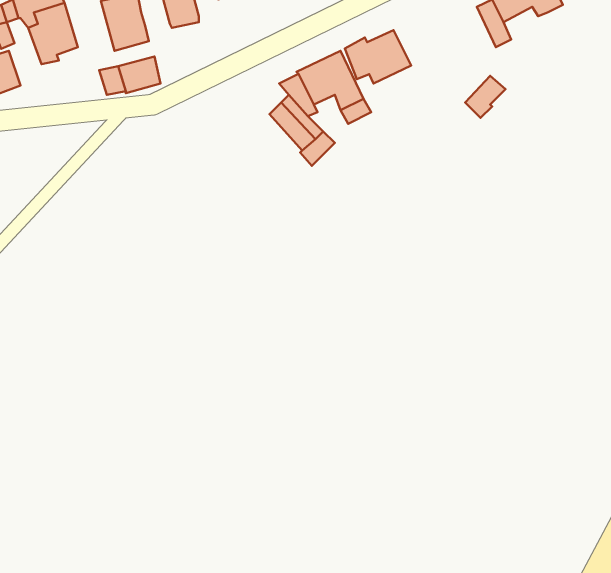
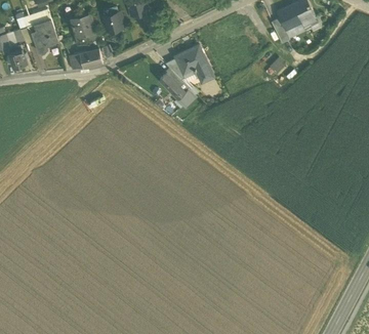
building: [345,30,411,84] -> none

